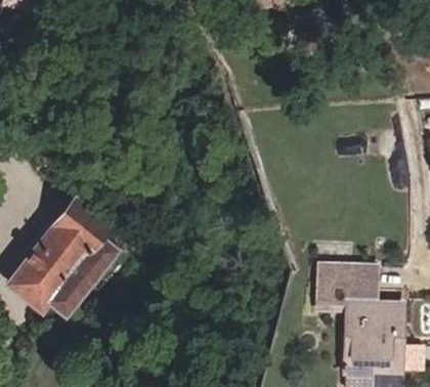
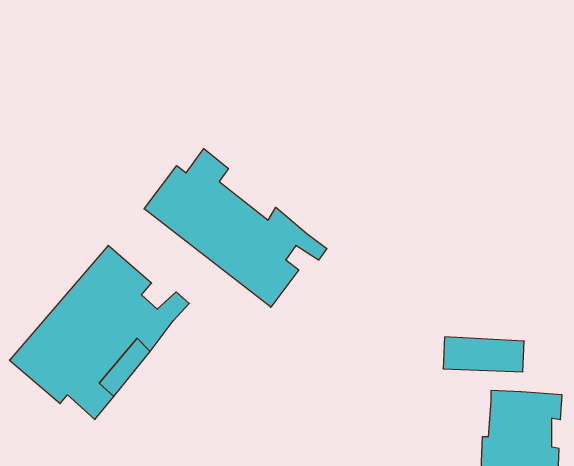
building: none -> [144,149,327,307]
building: [316,284,374,306] -> none

